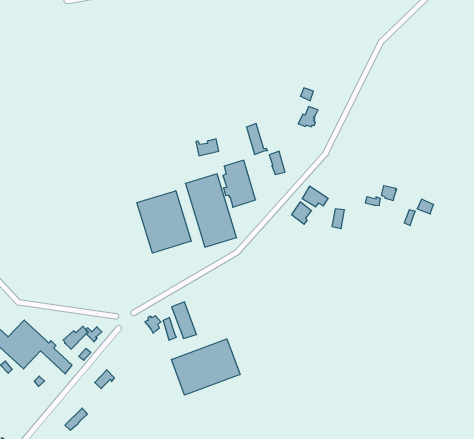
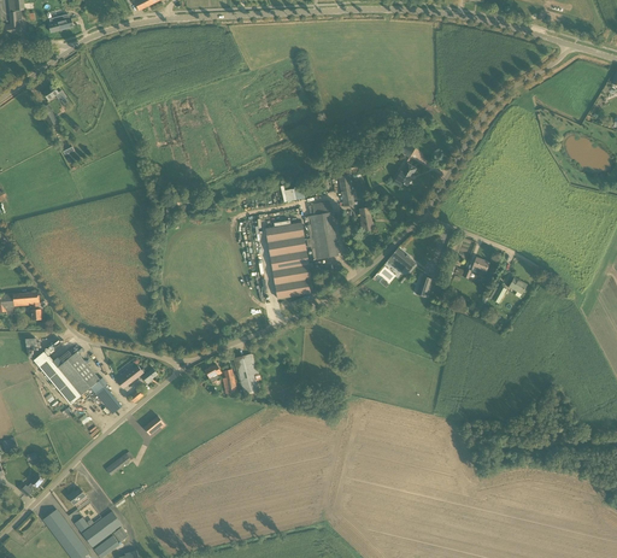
building: [137,191,191,253] -> none
building: [171,339,240,395] -> none

